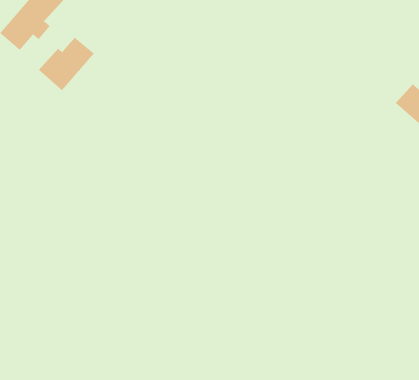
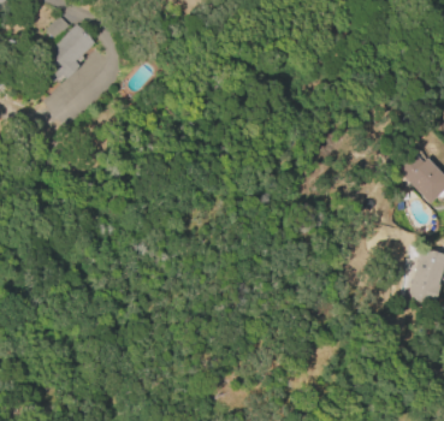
building: [38,37,95,91] -> none

